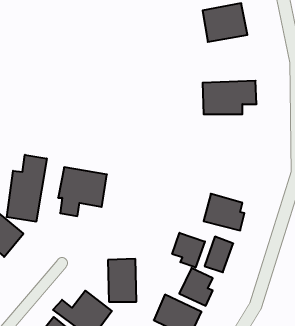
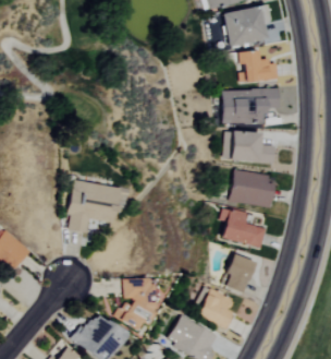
building: none -> [237,50,279,82]
building: none -> [223,131,274,163]
building: [7,155,47,222] -> none
building: none -> [231,170,275,206]
building: [172,233,205,268] -> none

